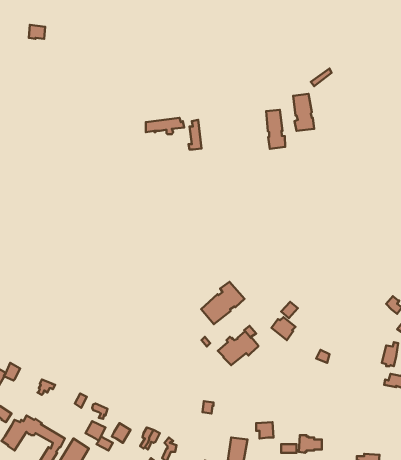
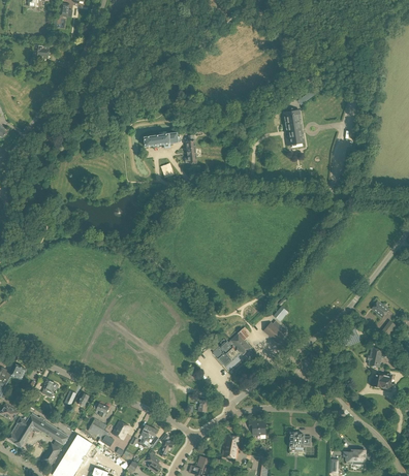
building: [266,110,285,149] -> none
building: [201,282,245,324] -> none

